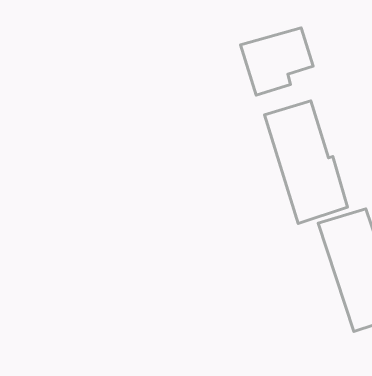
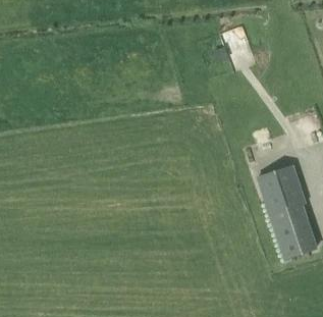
building: [265,101,348,224] -> none

